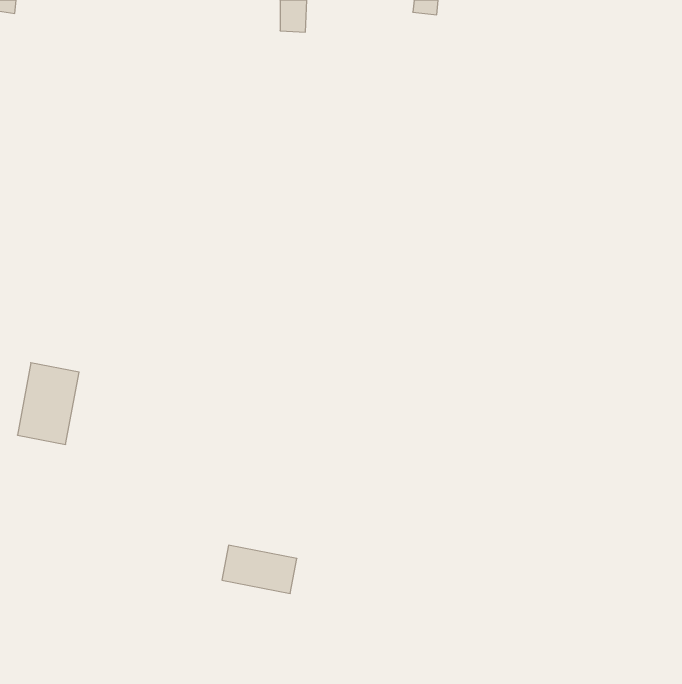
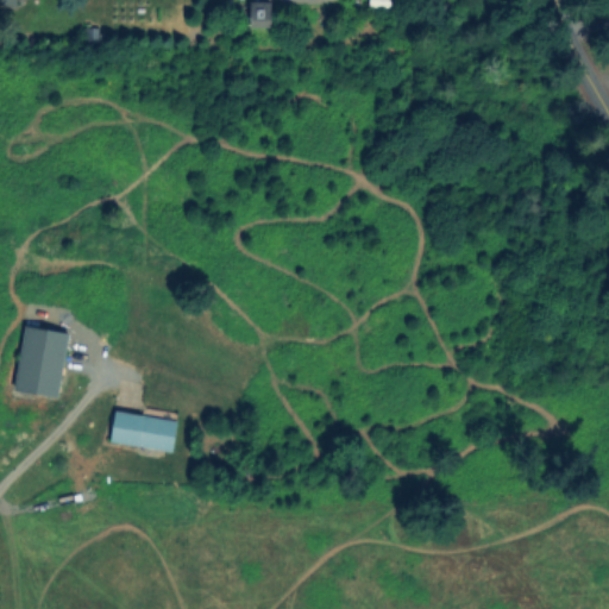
building: [222,545,297,593] -> [108,410,175,453]

